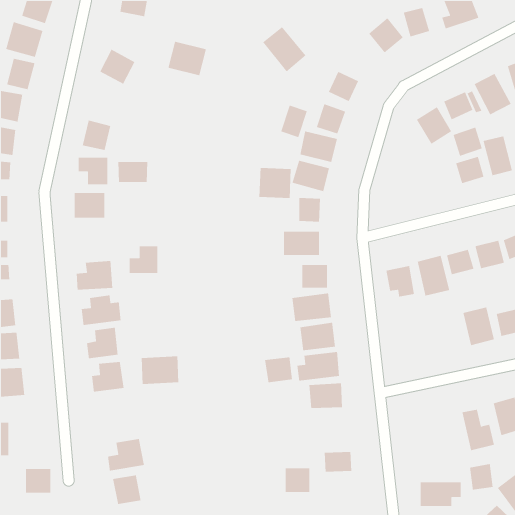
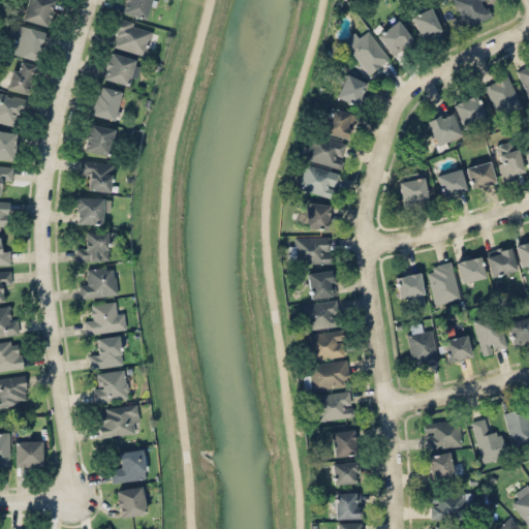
building: [262,26,307,73] -> [345,28,391,75]
building: [167,41,207,76] -> [114,20,154,56]
building: none -> [93,87,122,121]
building: [280,104,308,138] -> none
building: [452,126,483,157] -> [437,168,468,199]
building: [117,161,148,183] -> none
building: [259,167,292,199] -> none
building: none -> [400,178,430,209]
building: [129,245,158,274] -> [77,232,107,261]
building: none -> [411,326,437,367]
building: none -> [442,330,472,363]
building: [141,355,179,385] -> [100,407,139,437]
building: [264,356,293,383] -> none
building: none -> [425,421,462,450]
building: none -> [333,430,356,457]
building: [469,463,494,491] -> [429,453,454,480]
building: [285,468,310,493] -> [335,493,361,519]
building: [25,468,51,494] -> [15,441,42,467]

